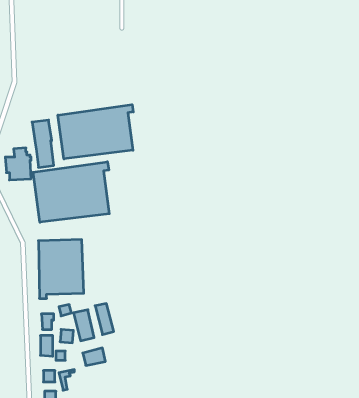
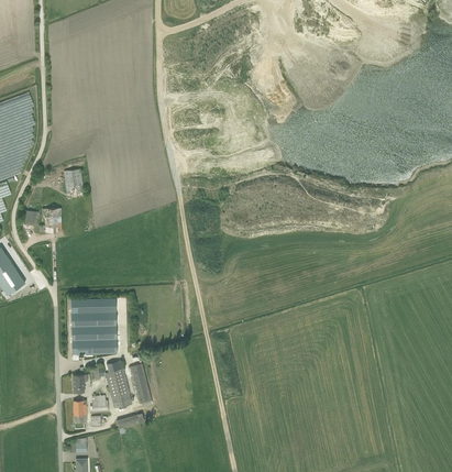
building: [58,105,133,159] -> none
building: [33,162,109,222] -> none

